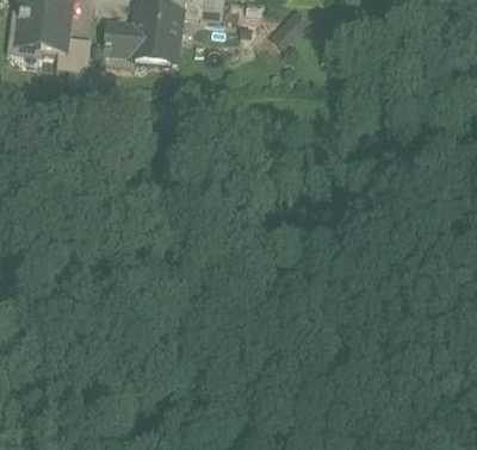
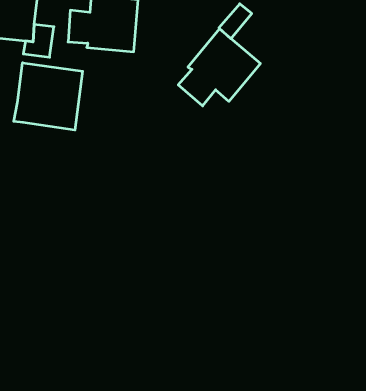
building: none -> [178,29,260,106]
building: none -> [14,63,83,130]

